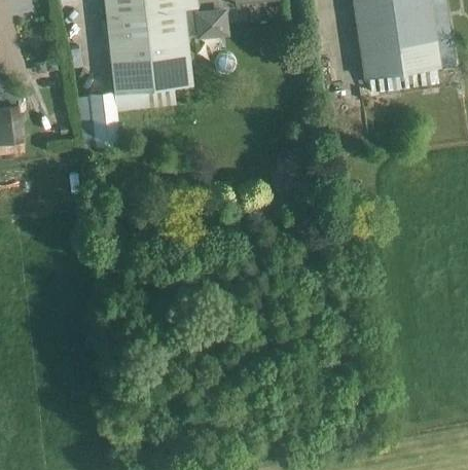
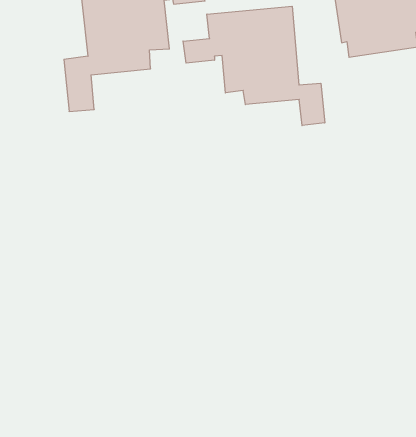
building: none -> [183,6,325,126]

